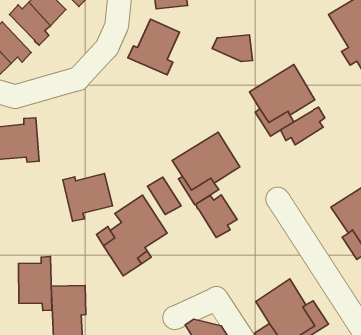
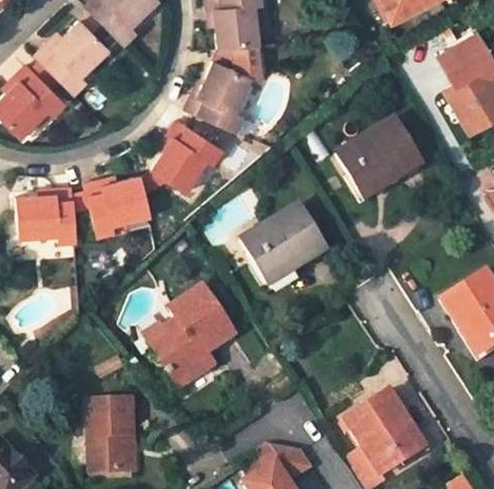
building: [212,35,253,61] -> [213,45,264,78]
building: none -> [152,121,222,194]
building: [281,107,325,145] -> none
building: [63,174,113,221] -> [84,176,147,236]
building: [148,177,181,215] -> none
building: [196,195,237,238] -> none
building: [18,257,52,310] -> none

